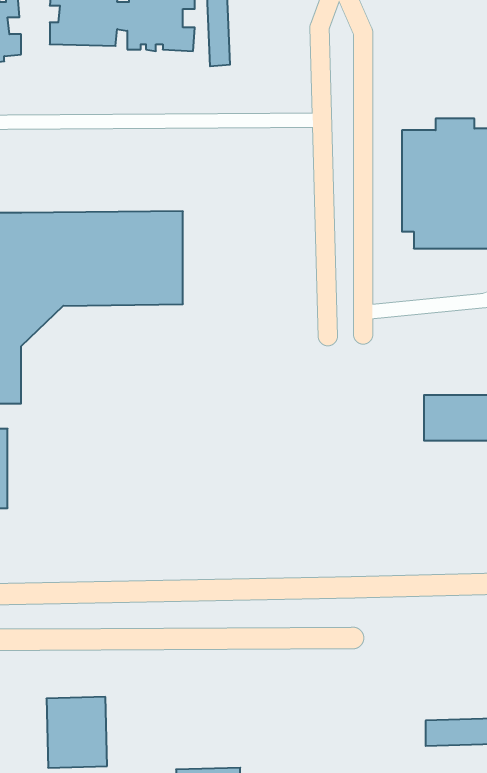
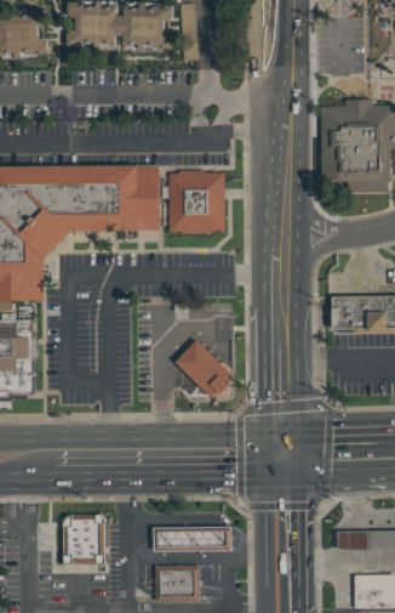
building: none -> [171,171,227,235]
building: none -> [176,341,236,401]
building: none -> [151,528,229,550]

